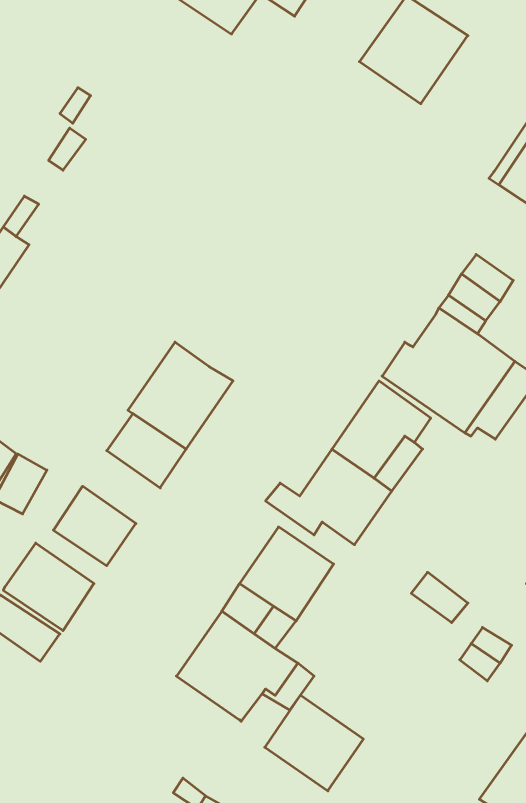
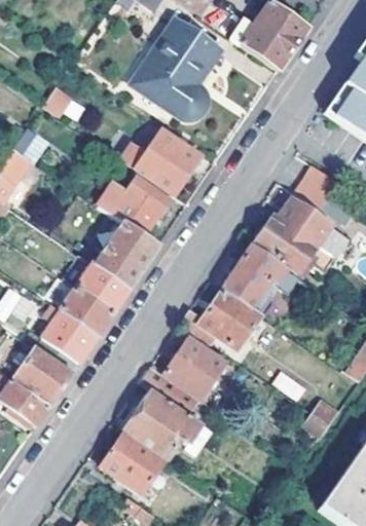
building: none -> [134,20,217,111]
building: none -> [120,129,200,193]
building: none -> [99,177,171,235]
building: none -> [64,289,113,335]
building: [265,695,363,791] -> [101,431,163,492]

